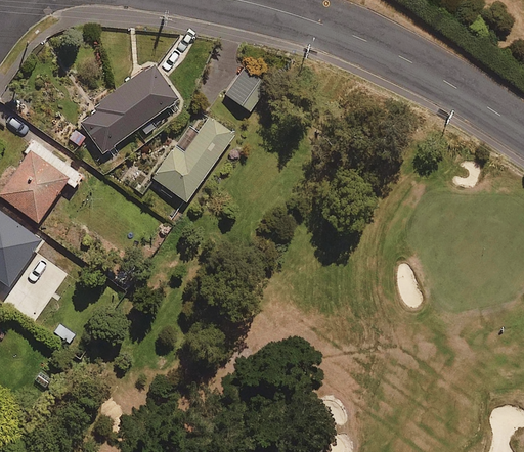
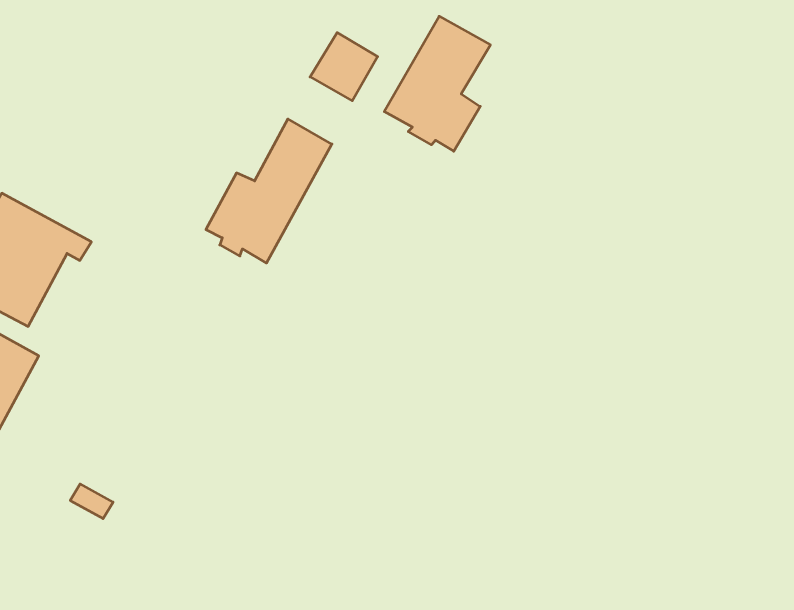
building: [77,63,177,153] -> none
building: none -> [384,16,490,151]

